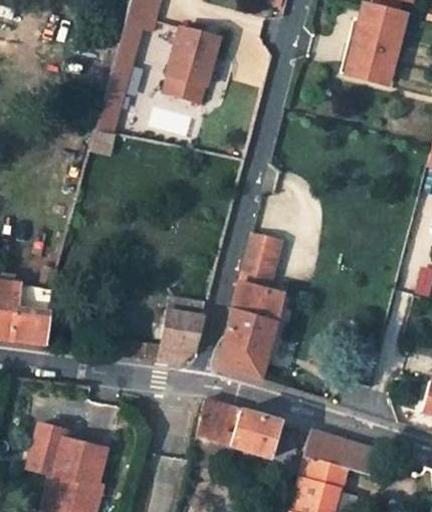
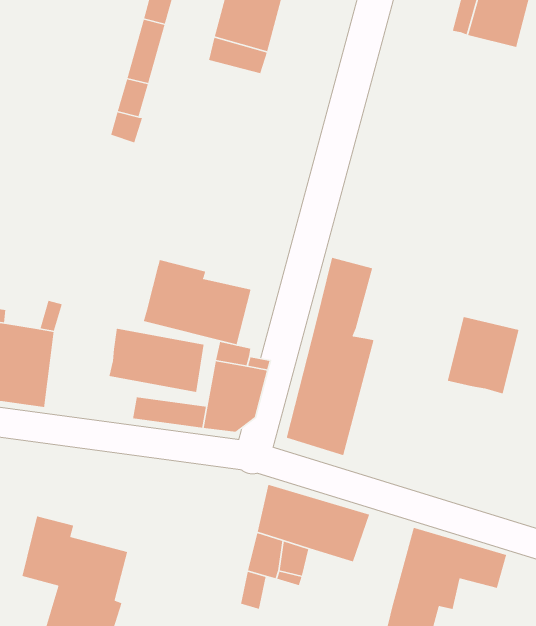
building: none -> [143,259,252,345]
building: none -> [447,316,519,394]
building: none -> [109,328,204,393]

